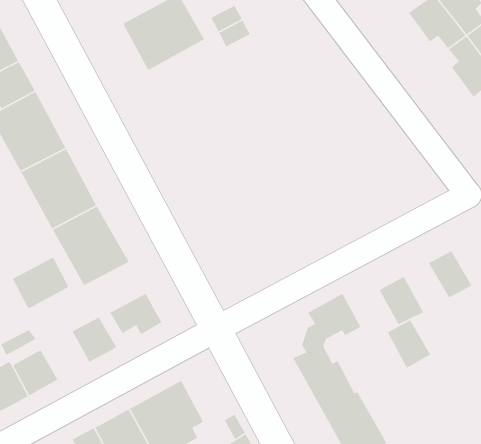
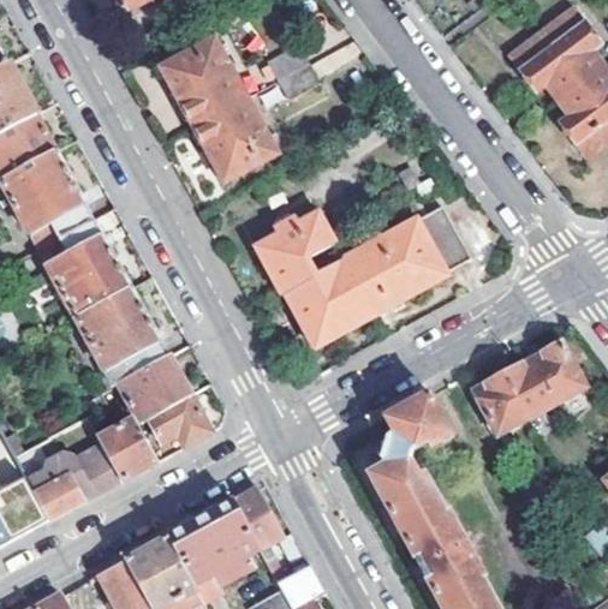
building: none -> [191,86,292,181]
building: none -> [254,198,470,347]
building: [12,257,69,309] -> [119,357,189,420]
building: [387,319,431,369] -> [502,358,556,418]
building: none -> [61,441,120,500]
building: none -> [232,485,285,572]

